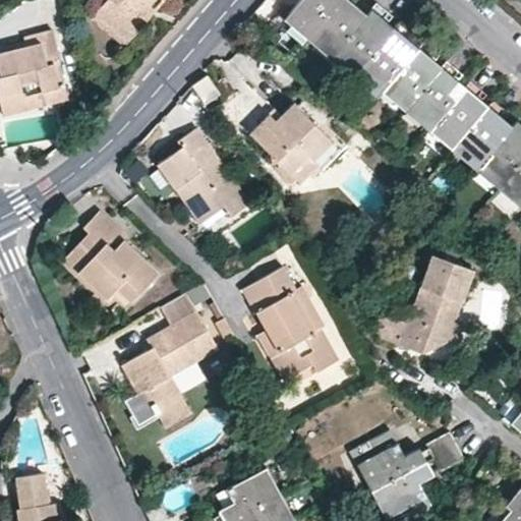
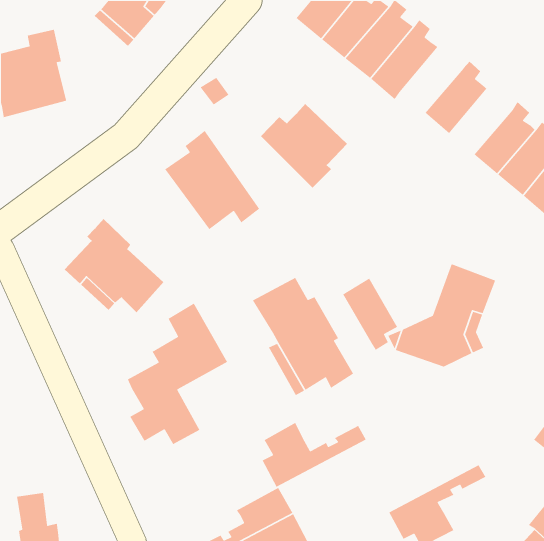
building: [383,41,443,111] -> none
building: [429,80,489,151] -> none
building: none -> [342,278,398,351]
building: [357,429,458,493] -> [261,422,367,488]

